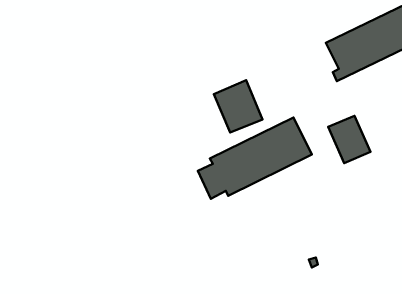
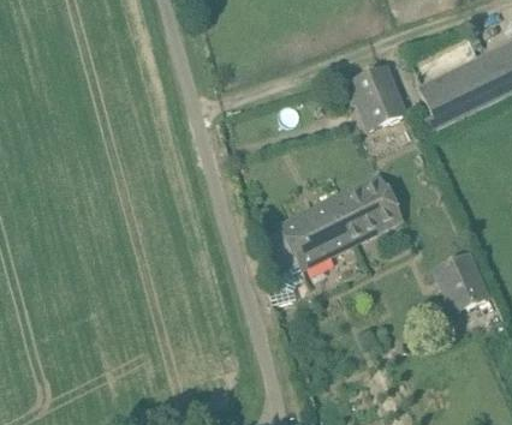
building: [214,80,262,133] -> [351,65,409,127]
building: [328,116,371,163] -> [436,253,487,310]

